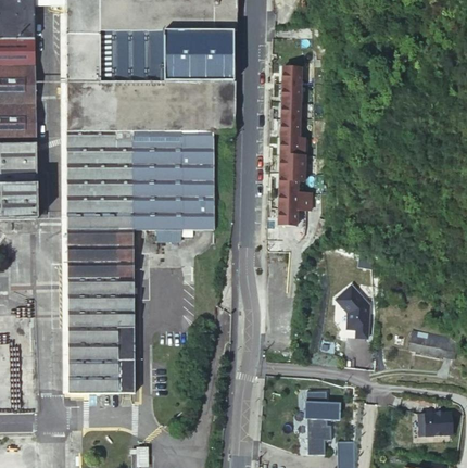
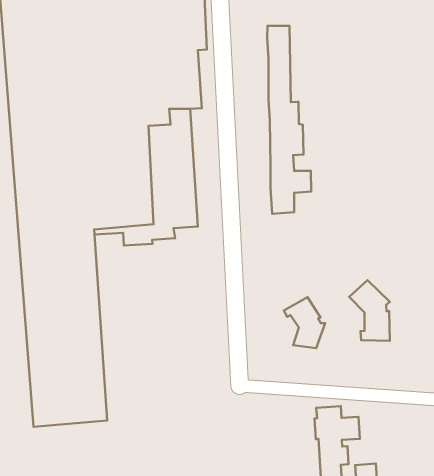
building: none -> [284,297,325,348]

